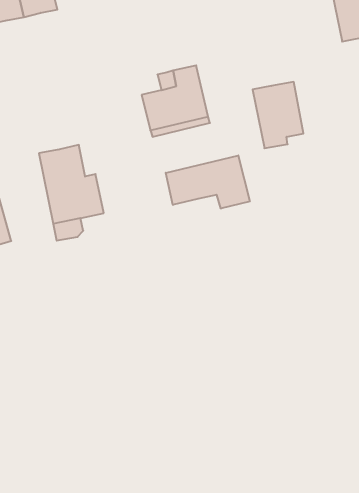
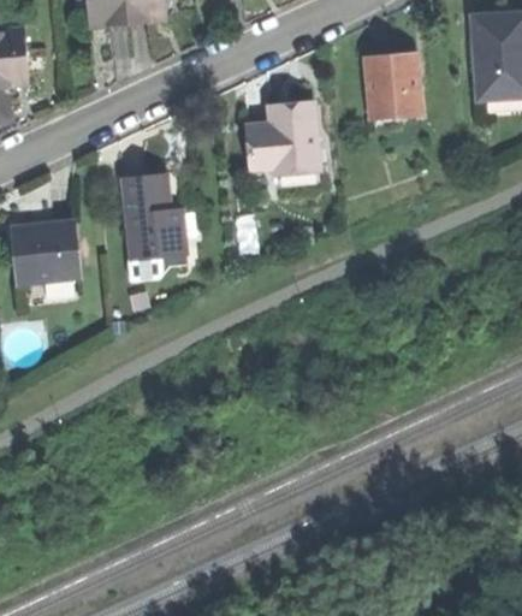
building: [253,82,303,148] -> [368,53,419,123]
building: [166,155,250,209] -> none

